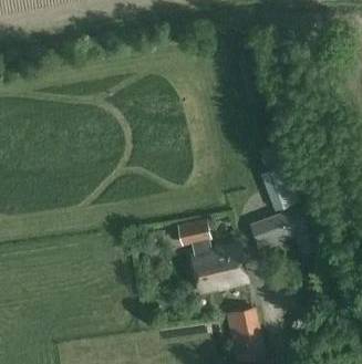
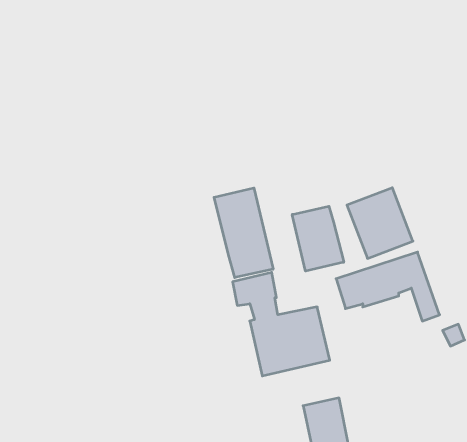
building: none -> [214,188,273,278]
building: none -> [292,206,344,271]

